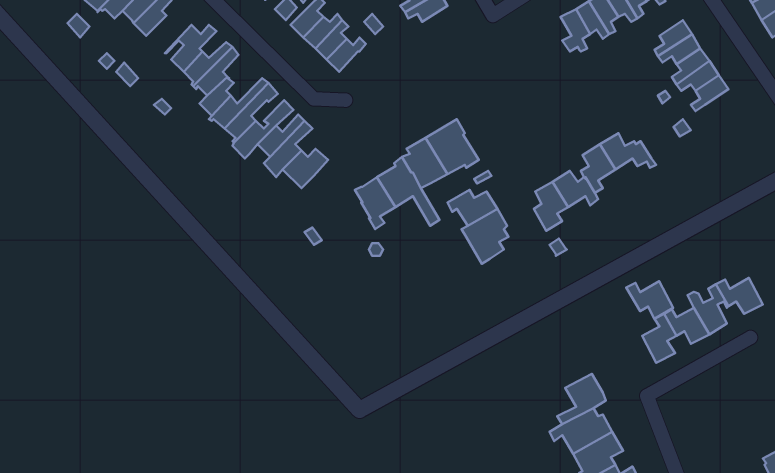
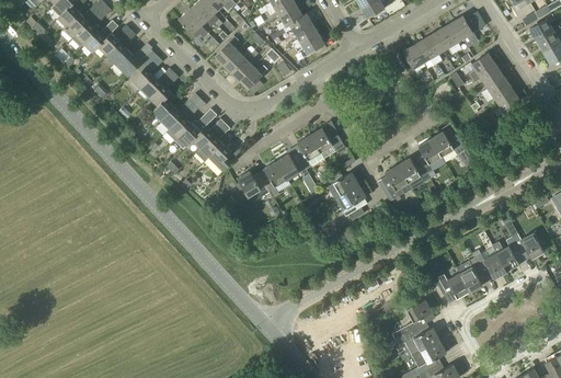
building: none -> [114,49,146,76]
building: none -> [238,170,271,202]
building: [626,281,673,319] -> [437,273,470,299]

